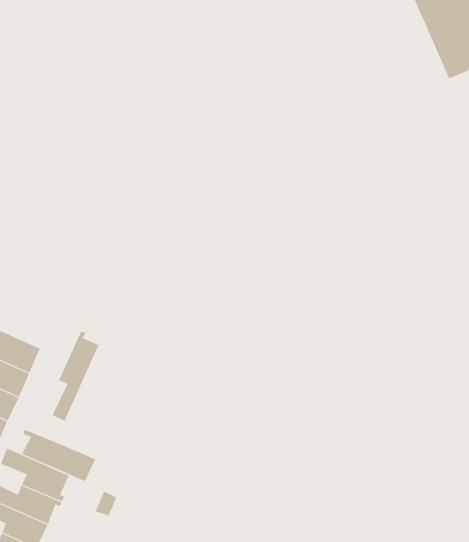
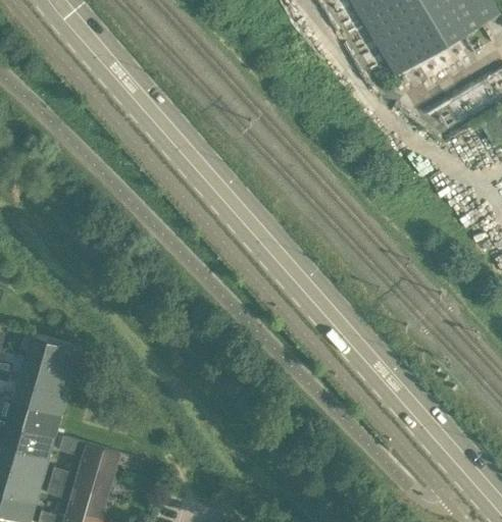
building: [52,331,99,421] -> none
building: [21,429,96,482] -> none

